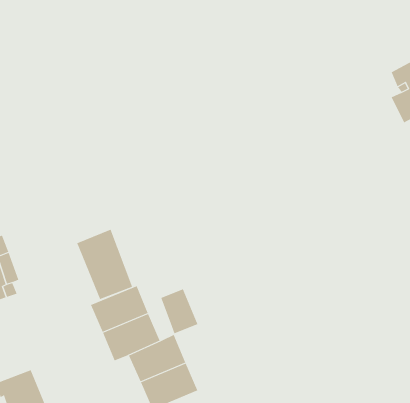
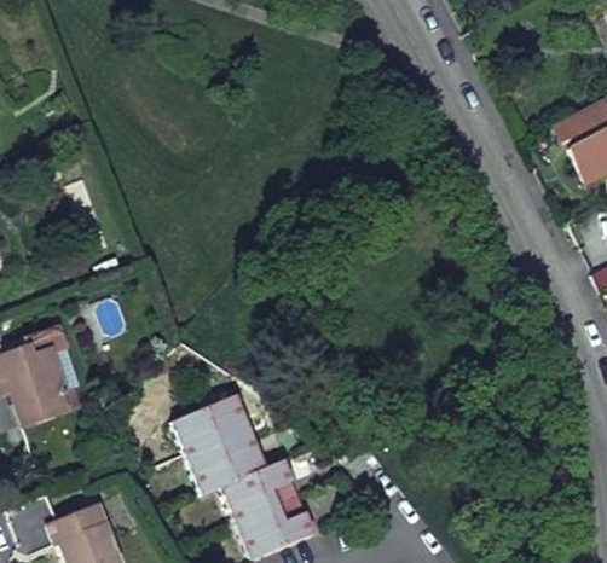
building: [77,229,133,300] -> none
building: [160,289,198,334] -> none

